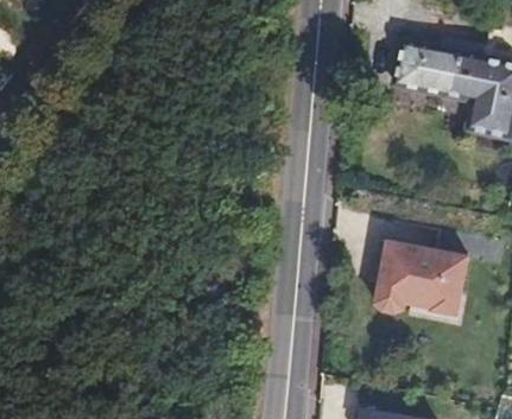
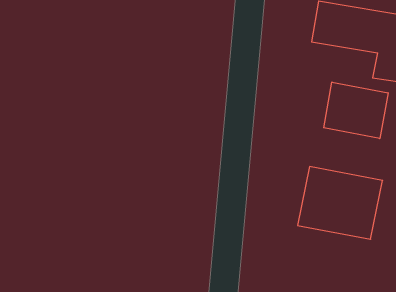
building: none -> [324,82,388,139]

